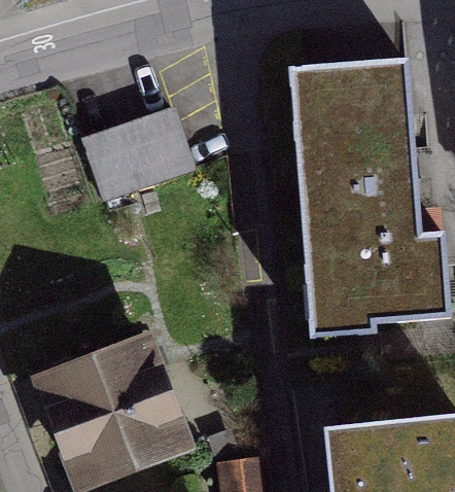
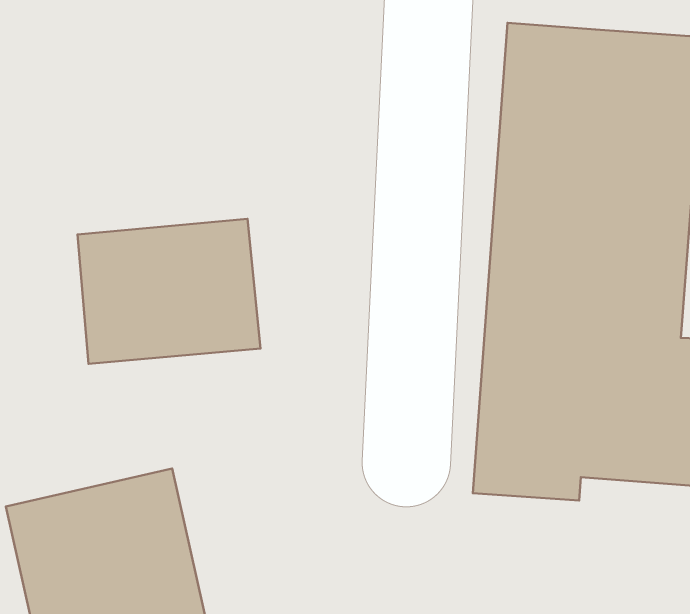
building: [85,100,199,196] -> [78,219,260,364]

